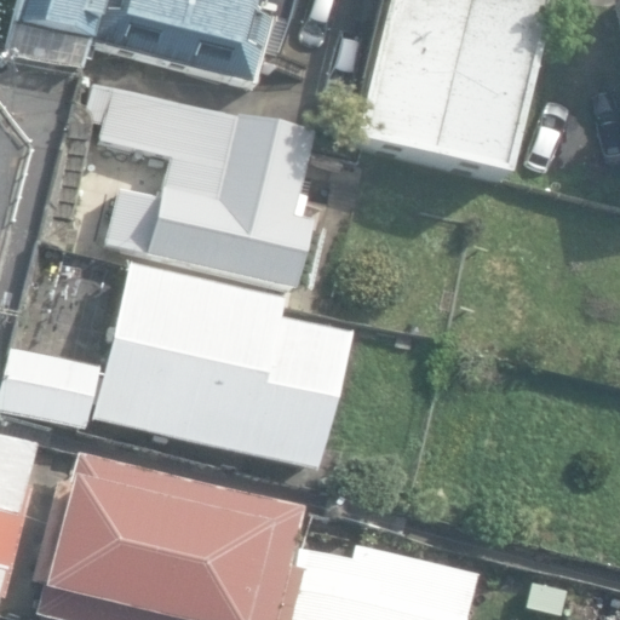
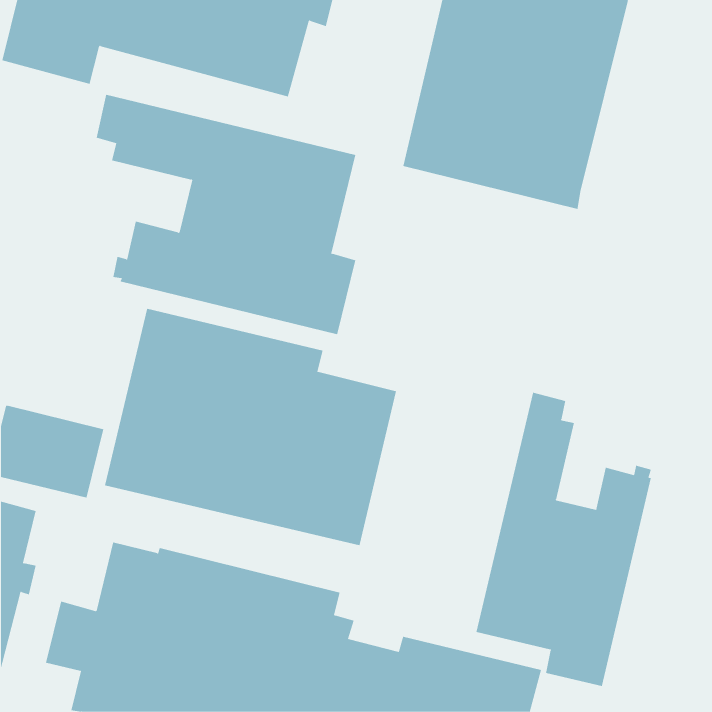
building: none -> [476,392,651,687]

